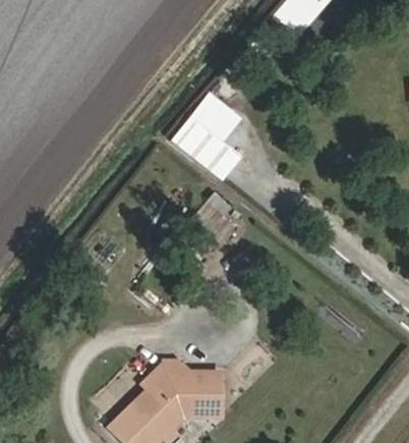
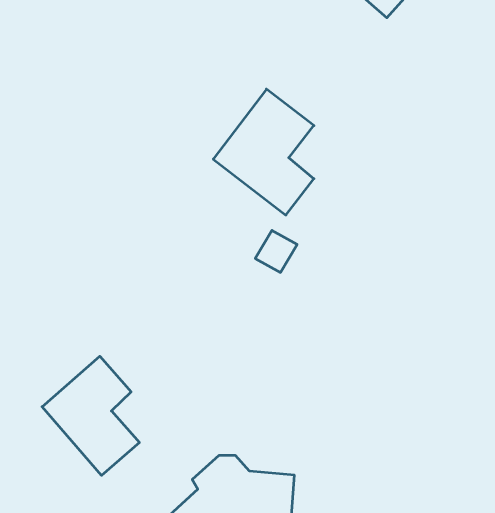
building: none -> [42,356,139,475]

